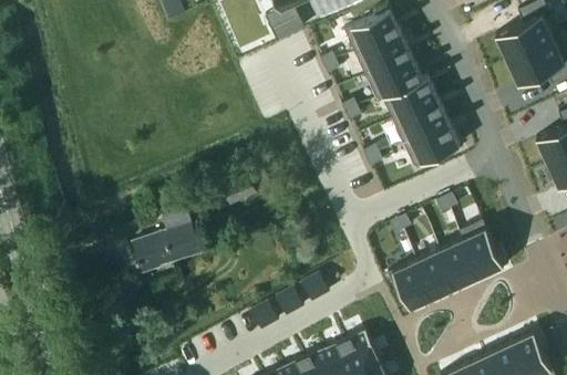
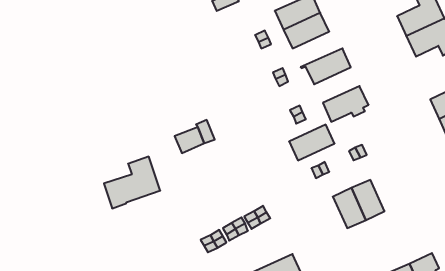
building: [365,55,427,100] -> none
building: [392,100,449,144] -> [289,125,335,160]
building: [458,220,508,278] -> none
building: [386,260,433,310] -> none

